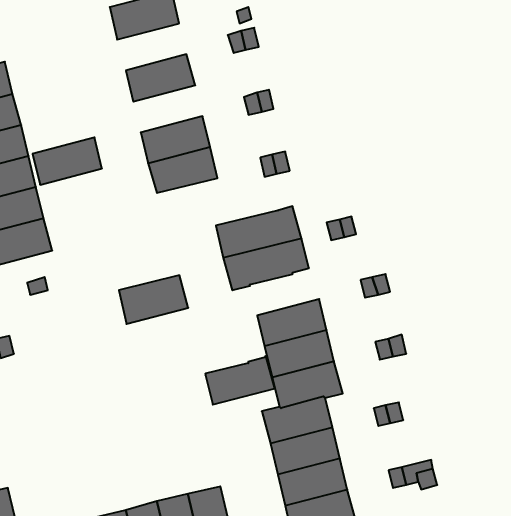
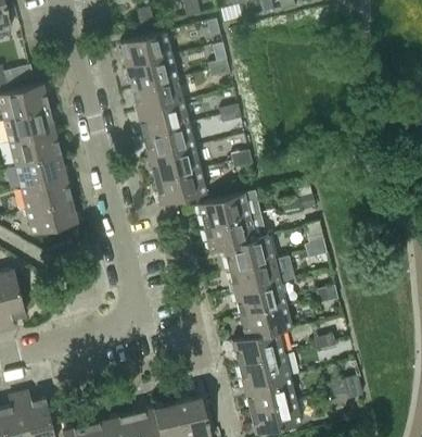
building: none -> [126,54,177,89]
building: [33,137,102,185] -> [138,100,189,135]
building: [119,275,188,324] -> [155,168,206,204]
building: [205,356,275,405] -> [223,234,274,270]

